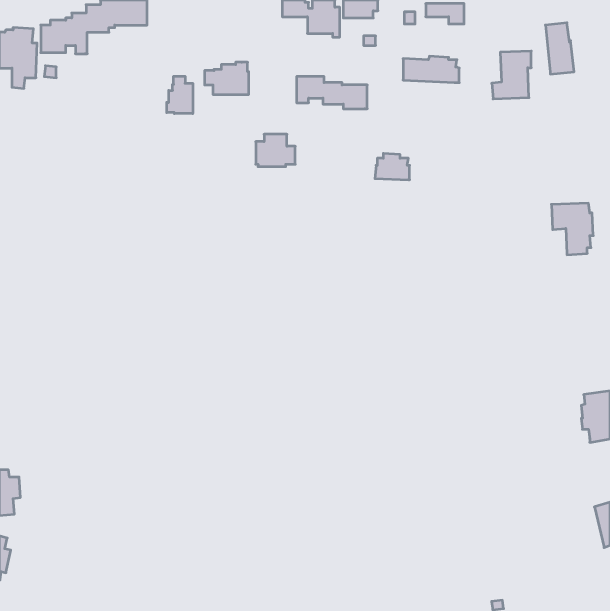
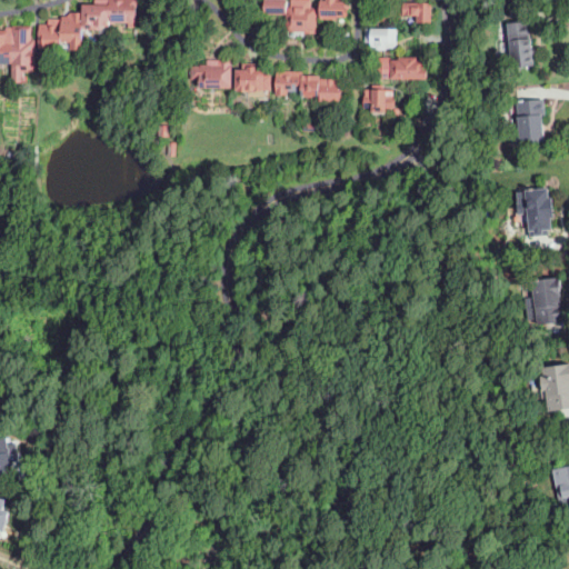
building: none -> [365,28,396,50]
building: [492,51,531,99] -> [506,99,542,143]
building: [167,76,193,114] -> none
building: [256,134,295,167] -> [234,63,271,93]
building: [375,153,410,180] -> [362,84,395,109]
building: none -> [525,277,562,326]

